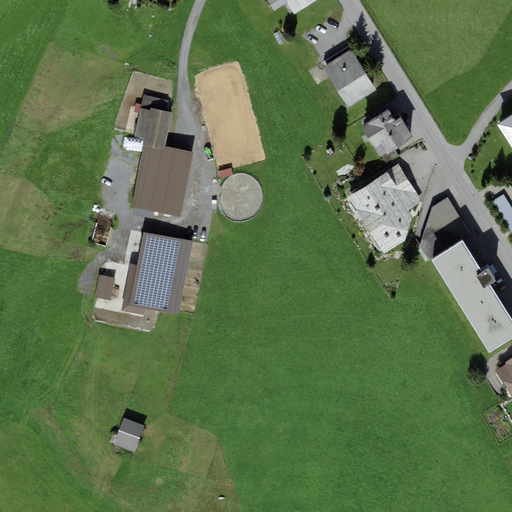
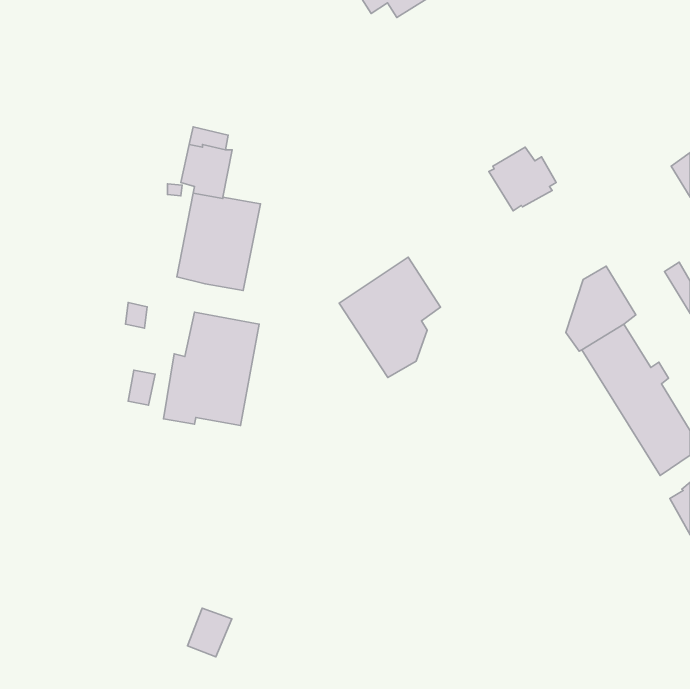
building: [323,49,377,107] -> none
building: [347,163,422,252] -> [339,257,441,377]
building: [113,417,146,453] -> [187,608,232,657]

